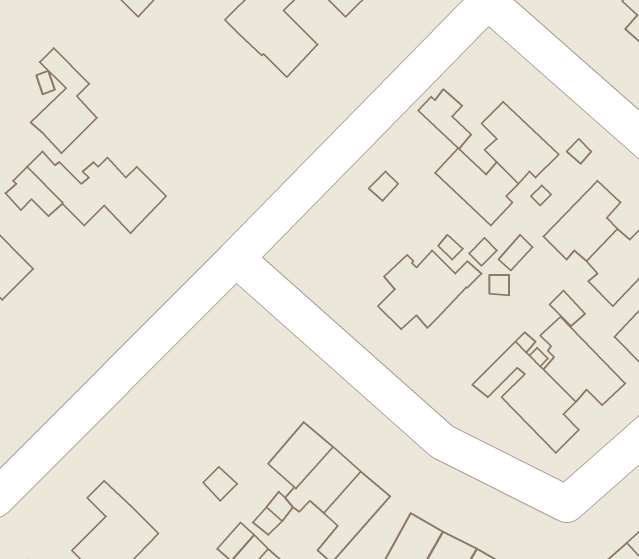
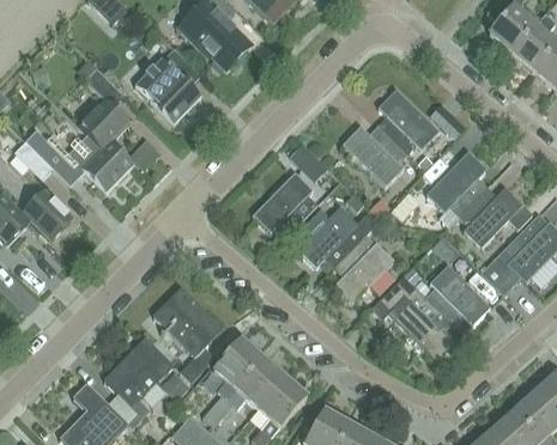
building: none -> [138,48,201,122]
building: [31,48,97,153] -> [79,67,131,148]
building: [418,89,471,148] -> none
building: none -> [253,172,316,232]
building: none -> [23,188,73,240]
building: none -> [335,233,394,301]
building: none -> [153,286,217,382]
building: none -> [103,336,174,428]

